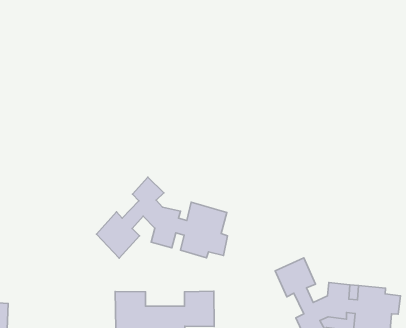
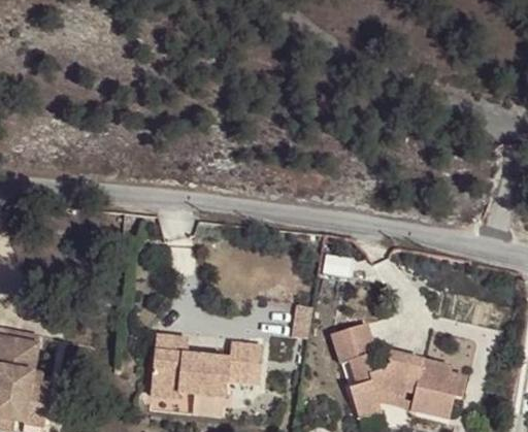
building: [97,177,228,258] -> none

